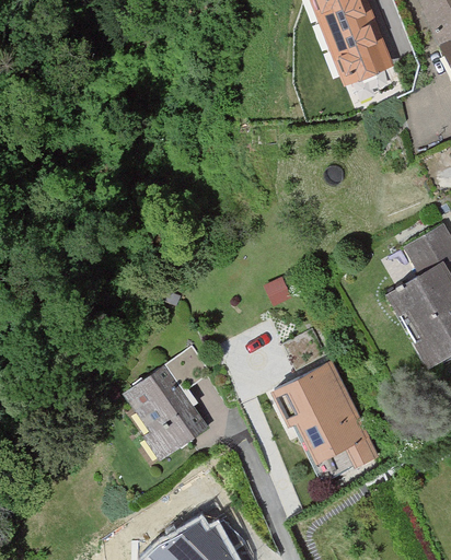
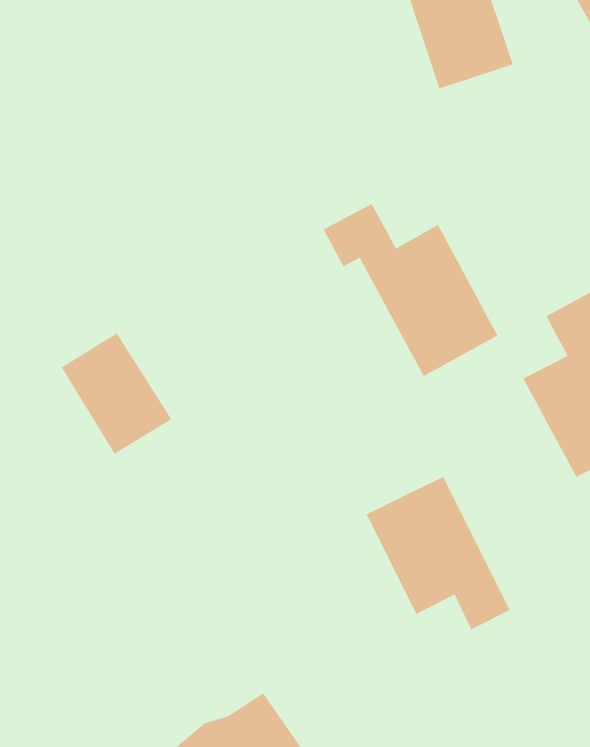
building: none -> [323,203,498,377]
building: [126,366,206,454] -> [61,332,172,454]

